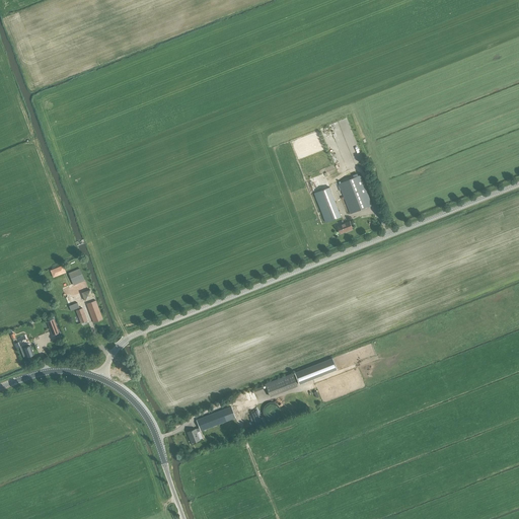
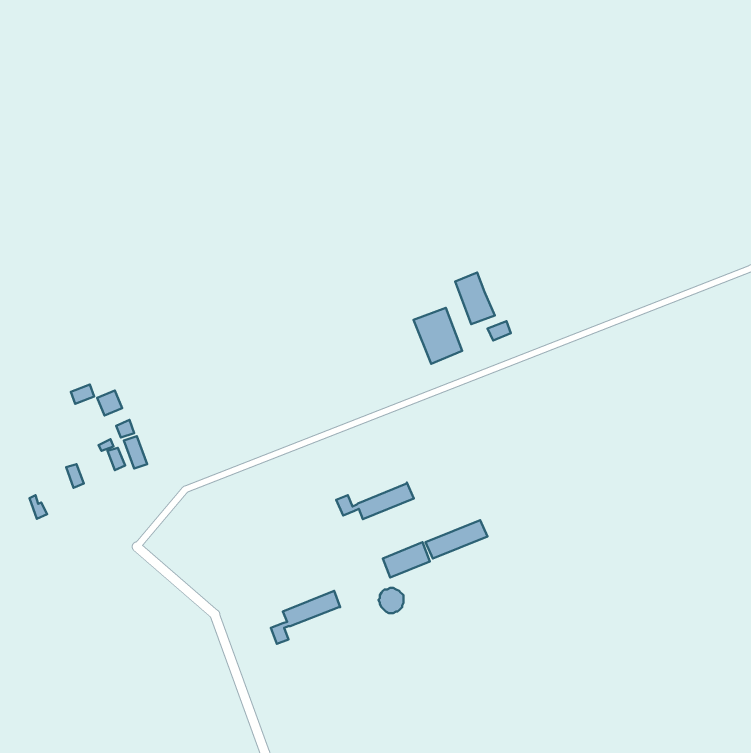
building: [338,175,371,214] -> [413,308,462,364]
building: none -> [336,483,414,519]

